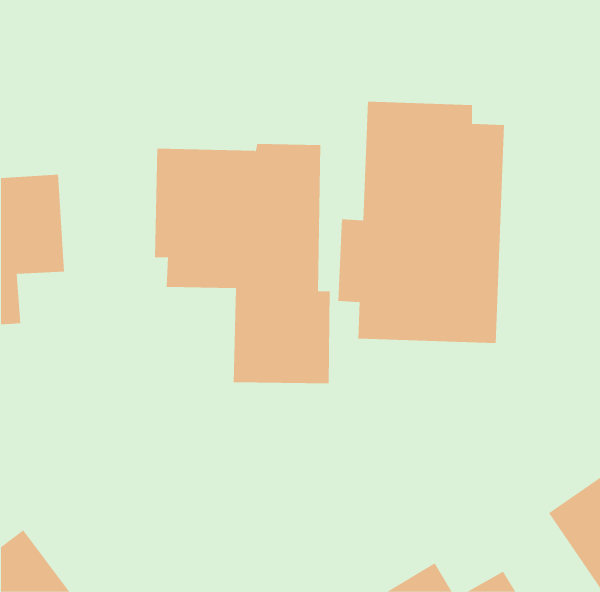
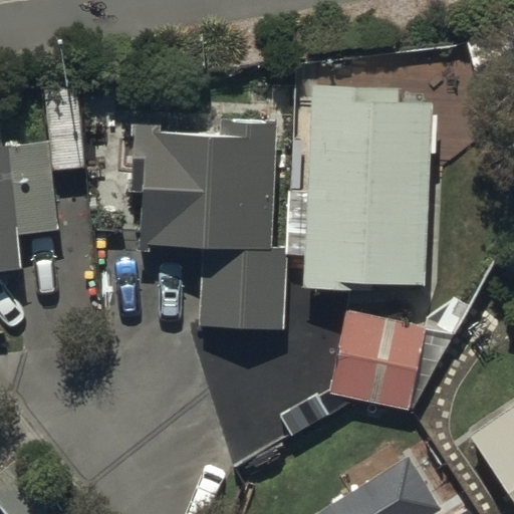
building: none -> [332,310,425,406]

